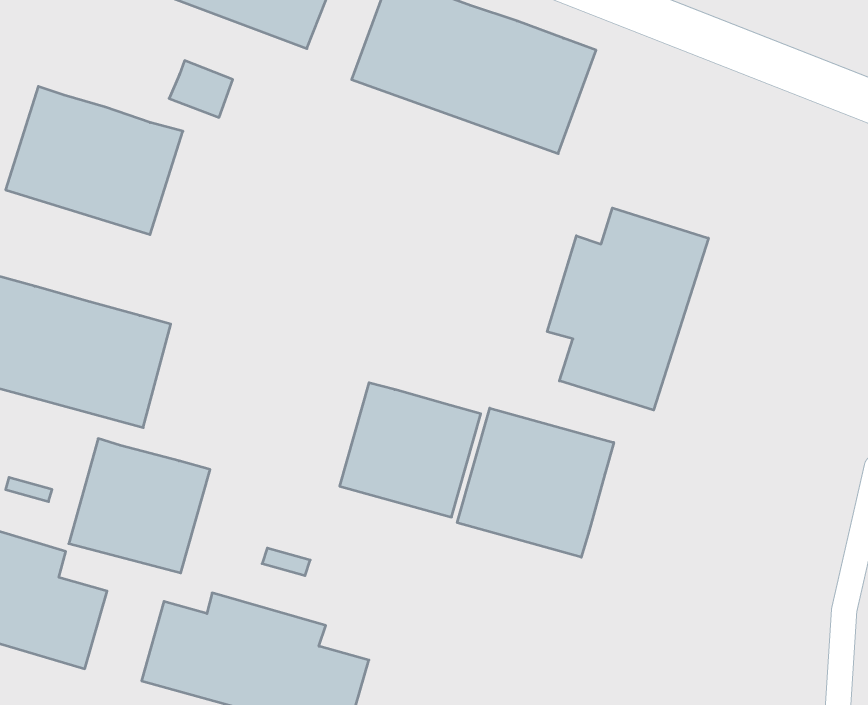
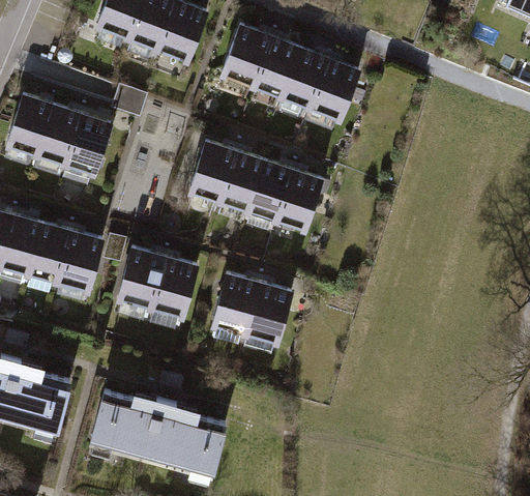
building: none -> [187,134,324,233]
building: [547,208,708,410] -> none
building: [457,408,614,557] -> none
building: [69,439,210,573] -> [115,243,200,324]

